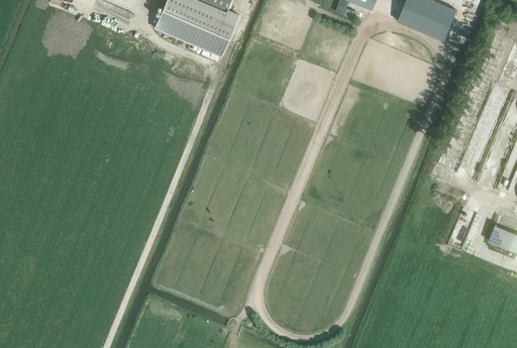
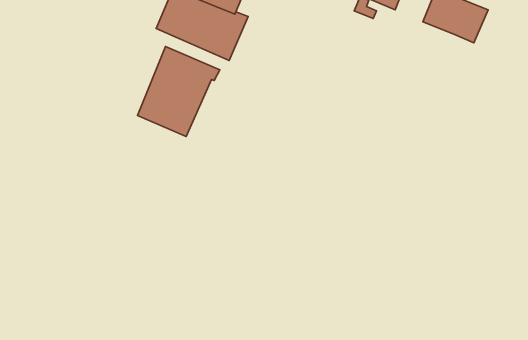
building: none -> [137,47,220,137]

